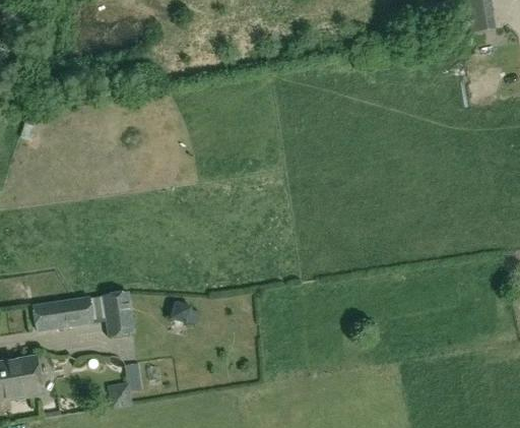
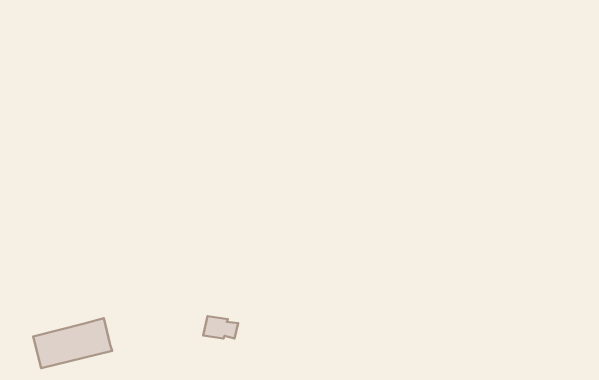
building: [103,290,134,334] -> none

